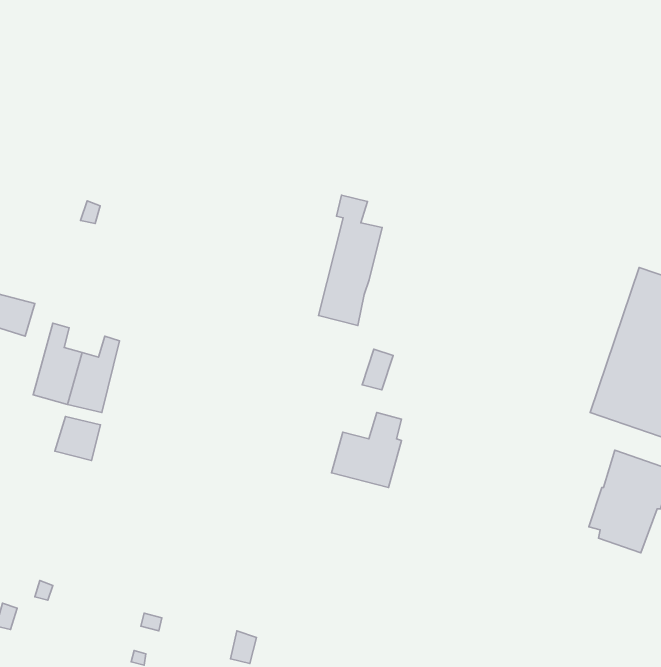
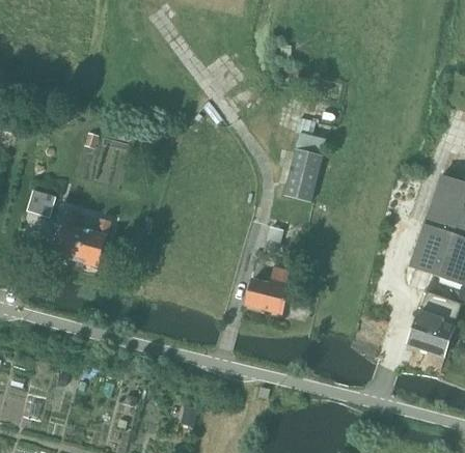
building: [319,195,382,325] -> [285,118,326,201]
building: [55,416,100,461] -> none

